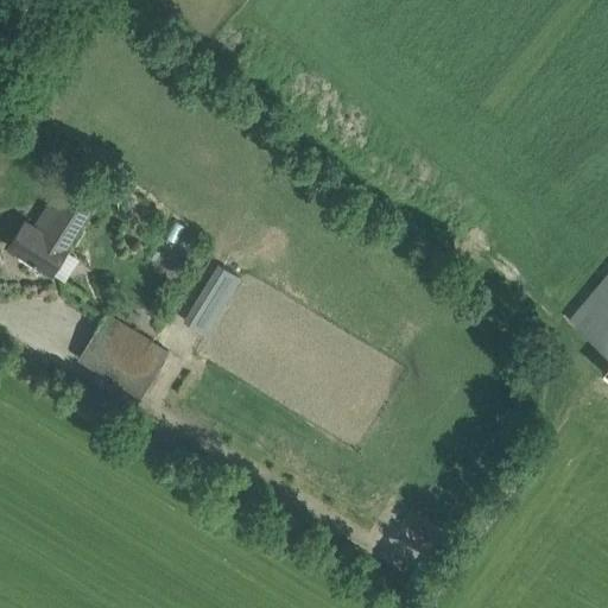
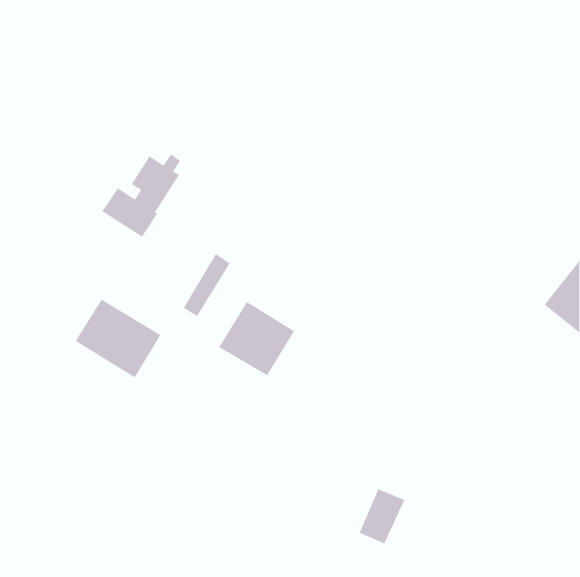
building: [10,188,93,276] -> [101,153,181,237]
building: none -> [218,301,295,376]

